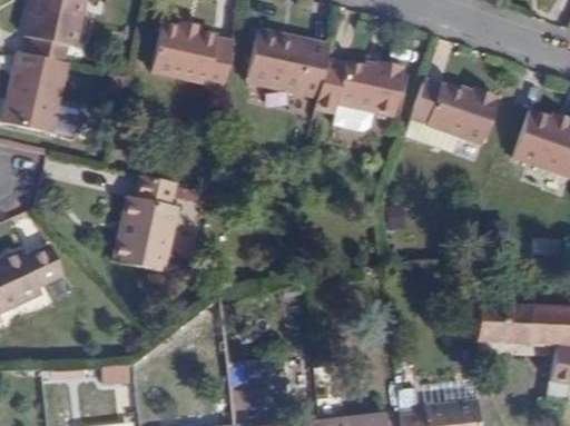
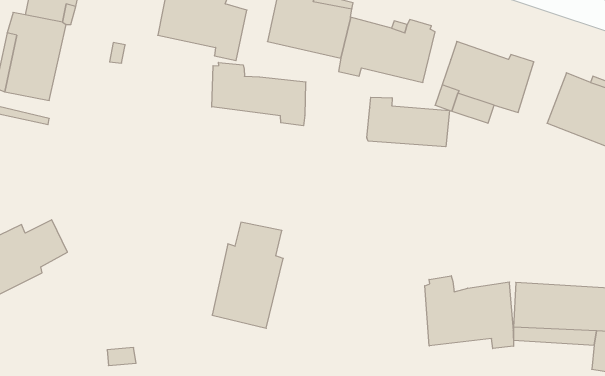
building: none -> [212,62,306,126]
building: none -> [367,97,449,147]
building: [115,175,180,273] -> [212,222,283,328]
building: none -> [425,276,514,349]

